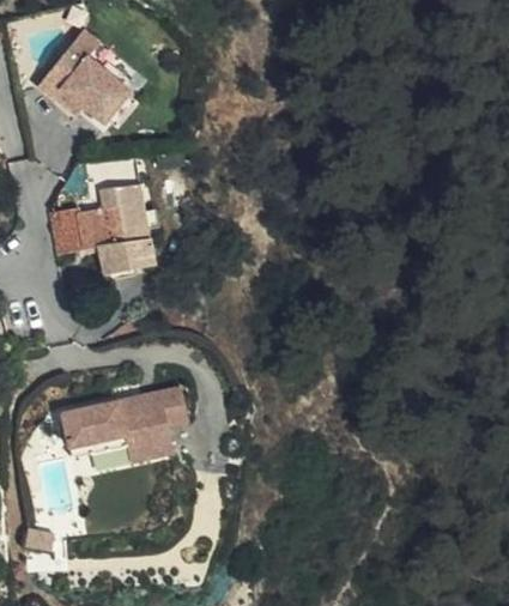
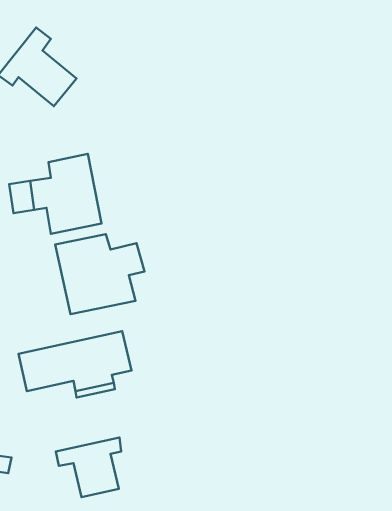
building: none -> [55,234,145,314]
building: none -> [56,438,121,497]

